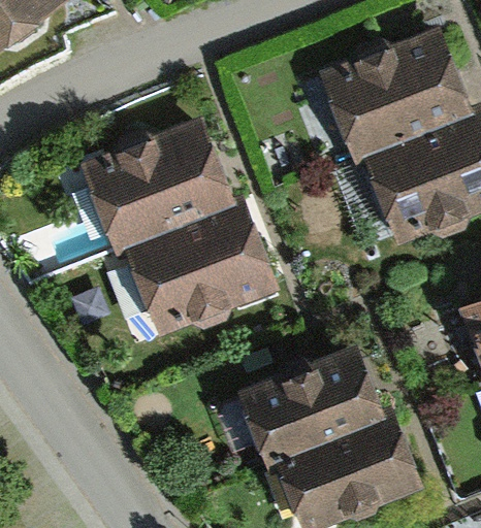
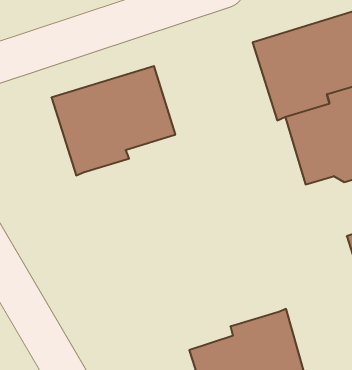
building: [124,197,279,338] -> none
building: [232,342,382,470] -> none

